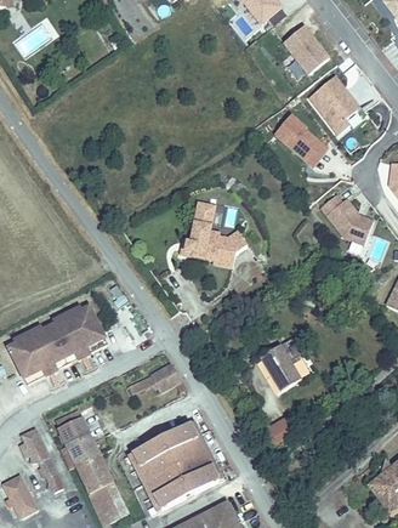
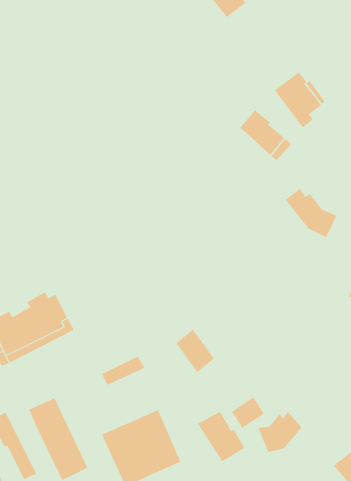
building: [280,25,326,74] -> none
building: [184,197,250,263] -> none
building: [262,340,302,385] -> [175,329,215,373]
building: none -> [197,411,245,462]
building: none -> [257,411,302,453]

